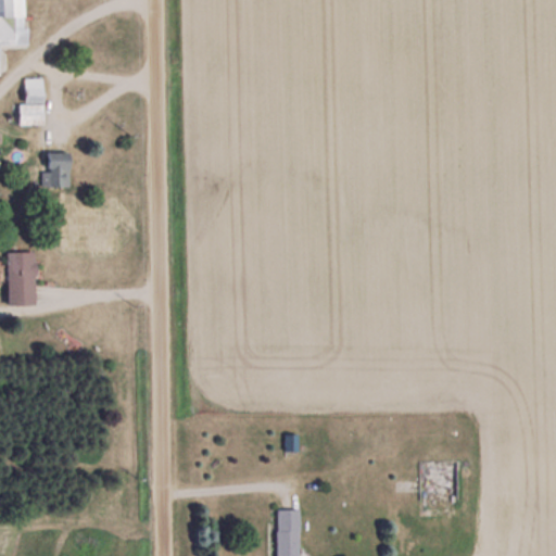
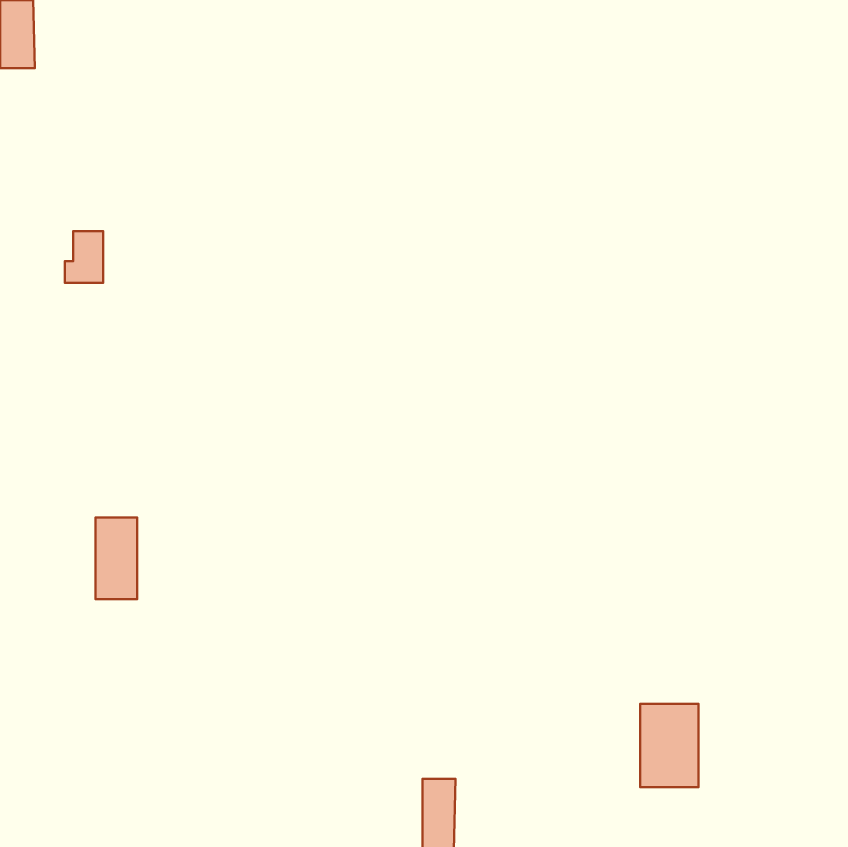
building: [18,79,43,125] -> none
building: [8,252,35,305] -> [96,518,137,599]

